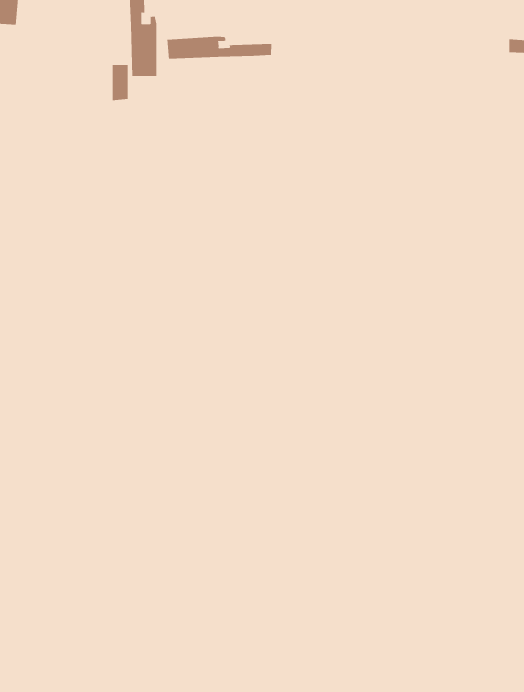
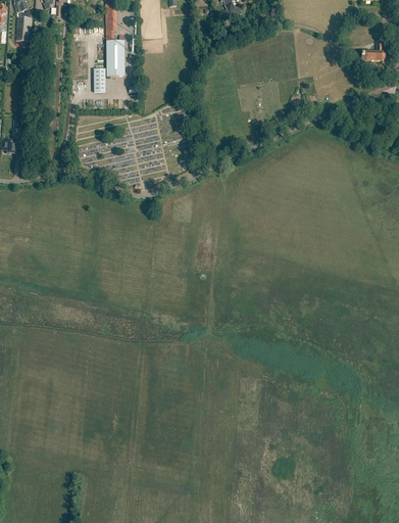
building: [167,36,272,59] -> none

